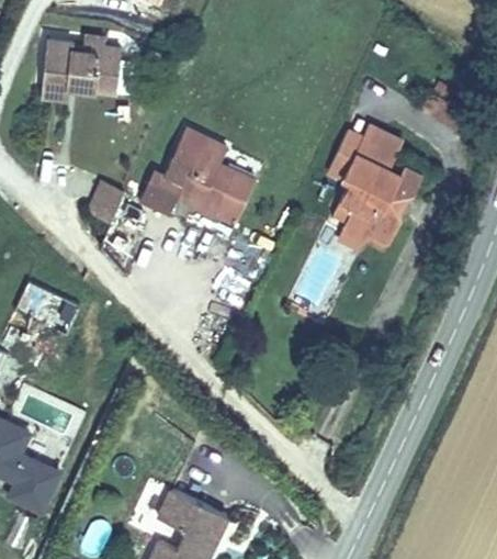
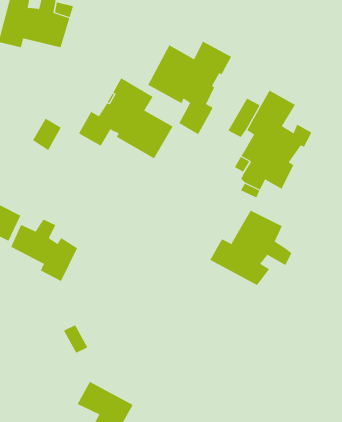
building: none -> [148,41,232,135]
building: none -> [209,210,292,286]
building: none -> [11,219,78,282]

